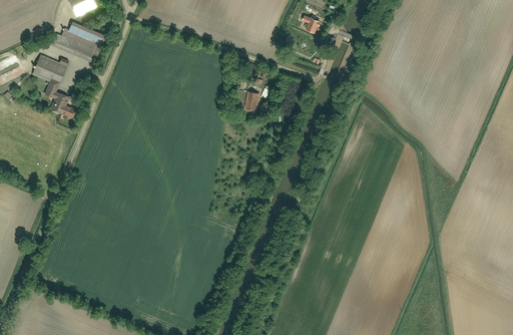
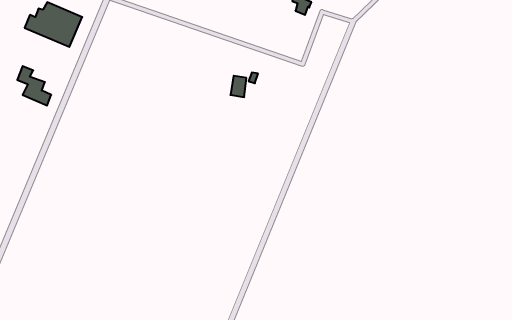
building: [32,53,68,85] -> none

